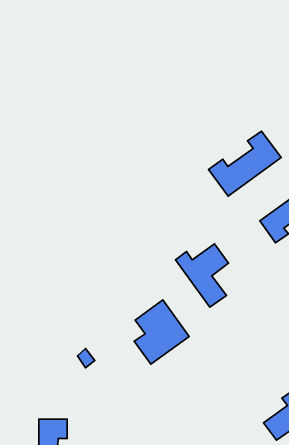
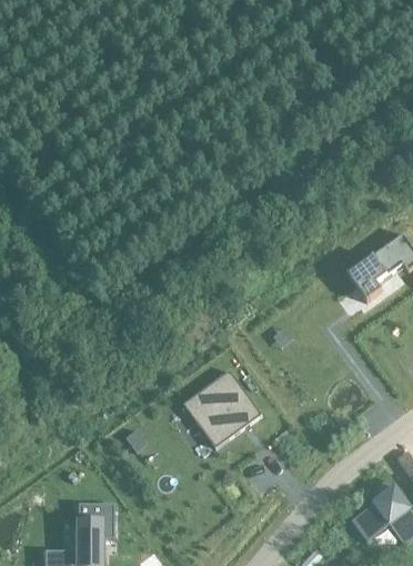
building: [209,131,281,196] -> none
building: [176,244,228,307] -> none

